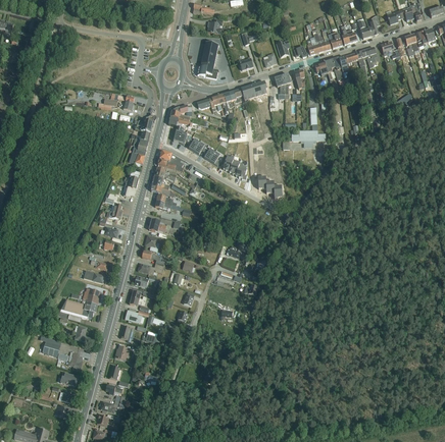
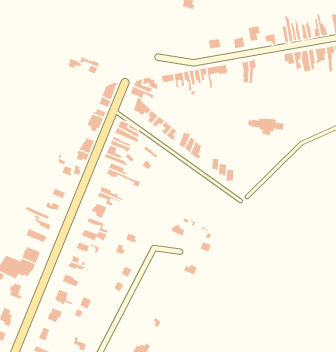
building: [198,41,218,76] -> none

